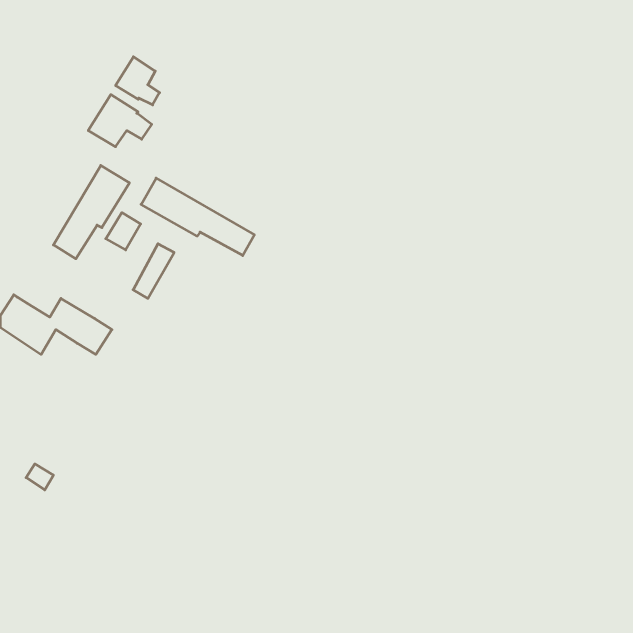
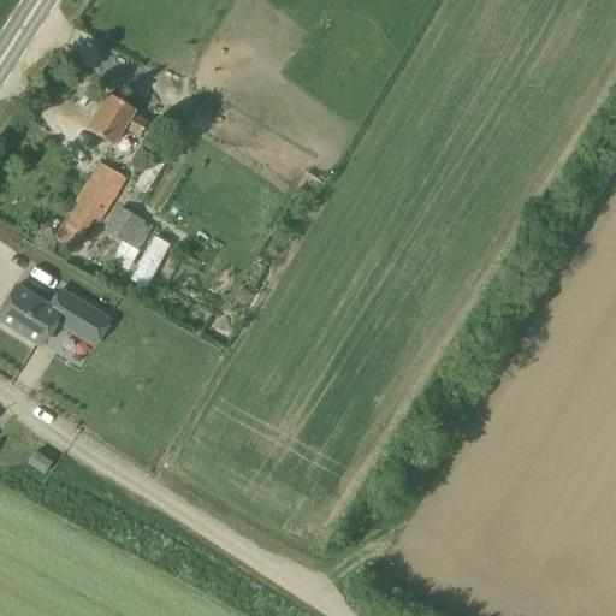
building: [116,57,160,105] -> none
building: [141,178,254,256] -> none

